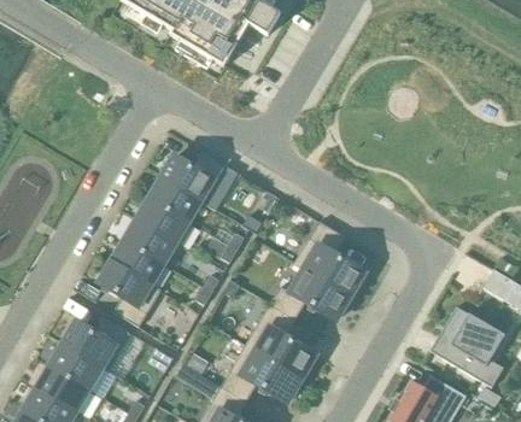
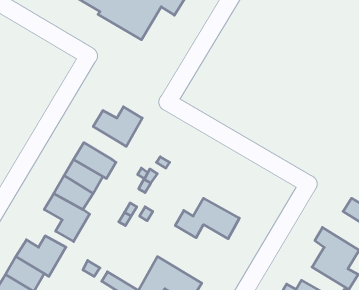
building: [152,176,200,218] -> none
building: [295,219,365,293] -> none
building: [246,303,317,376] -> none

